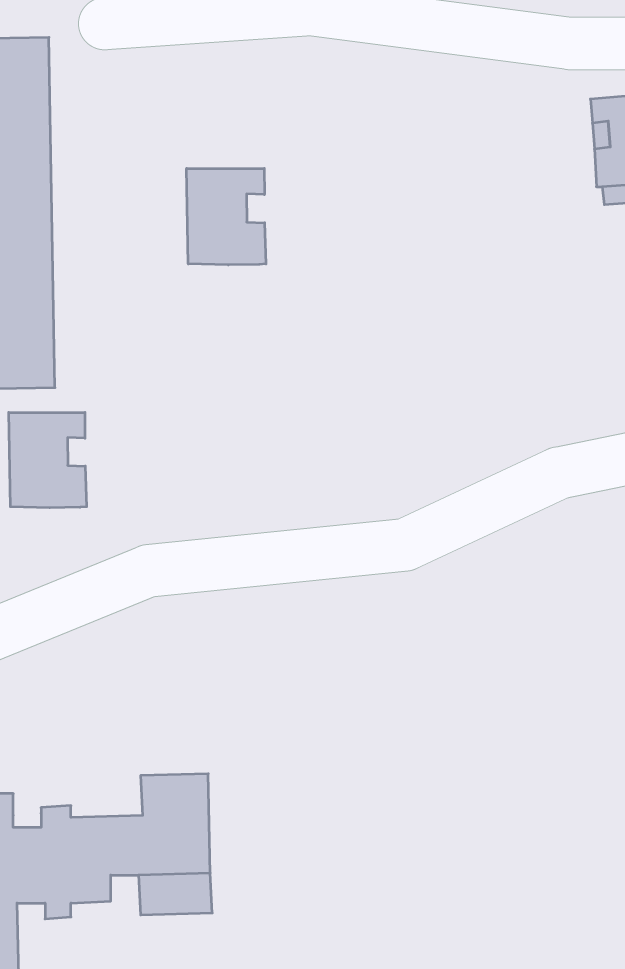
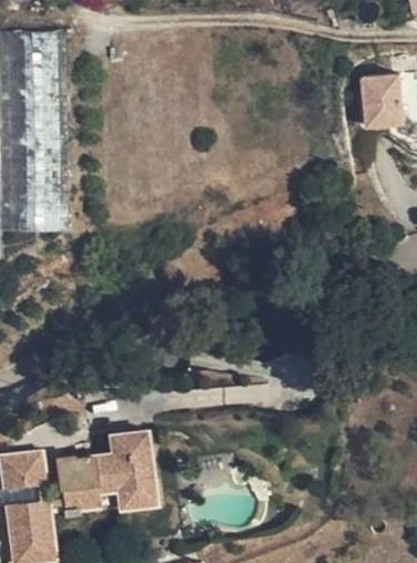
building: [187,168,266,265] -> none
building: [9,412,87,508] -> none

